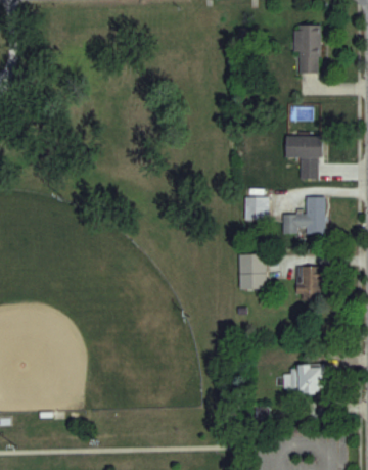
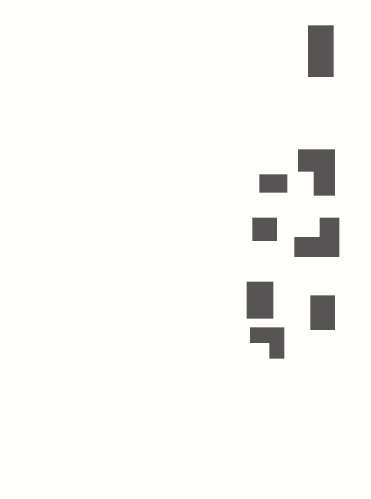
building: none -> [259,174,288,194]
building: none -> [249,326,285,359]
building: [286,366,324,394] -> none

